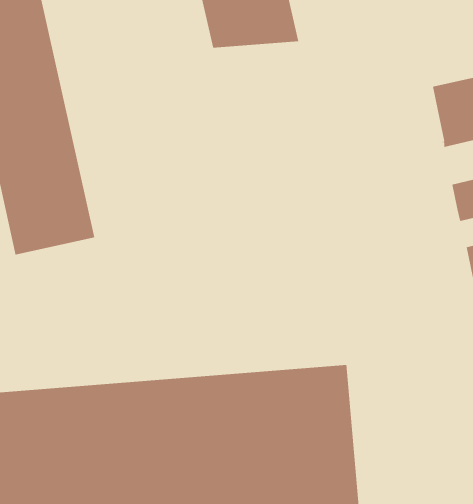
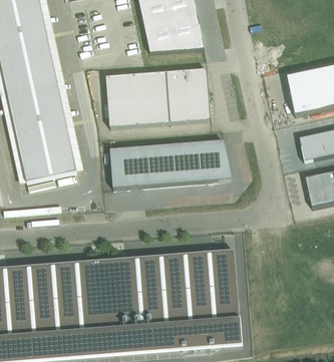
building: none -> [105,67,211,127]
building: none -> [109,139,227,188]

